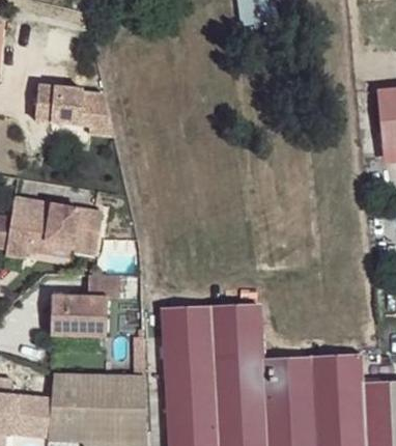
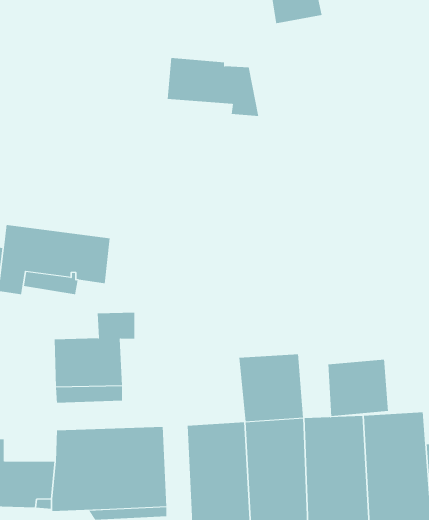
building: [35,86,113,136] -> [167,57,259,117]
building: [160,309,211,366] -> none
building: none -> [328,359,389,417]

